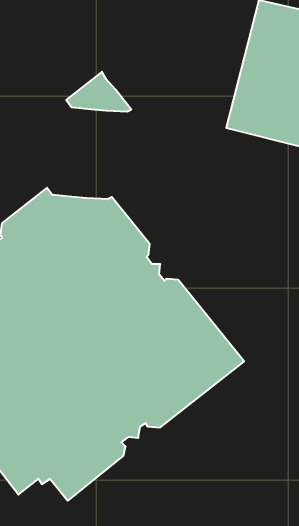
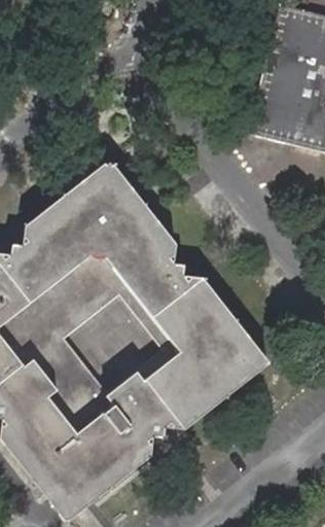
building: [66,72,131,111] -> [73,162,137,201]
building: none -> [45,476,94,518]

